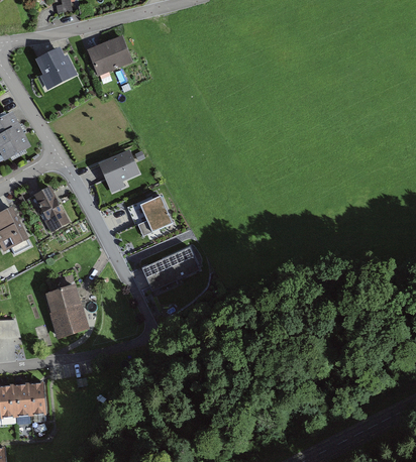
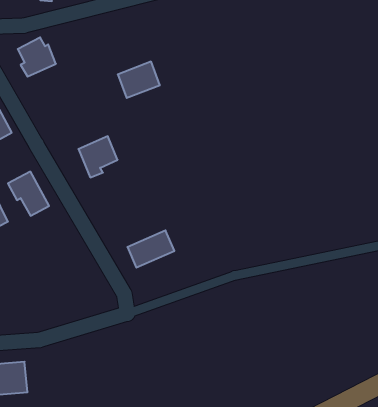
building: [88,37,131,75] -> [118,62,160,98]
building: [138,196,172,236] -> none
building: [44,284,86,336] -> none

